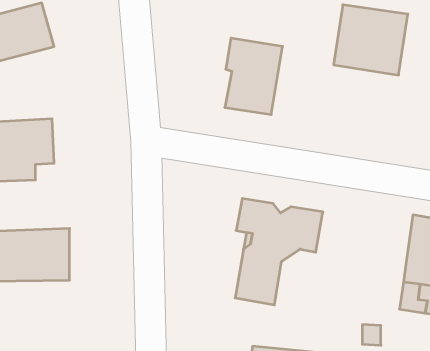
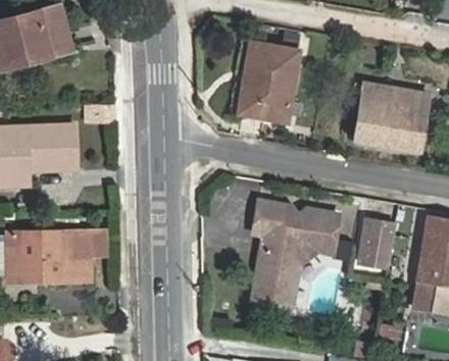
building: [334,5,408,75] -> [354,86,428,155]
building: none -> [360,218,396,266]

